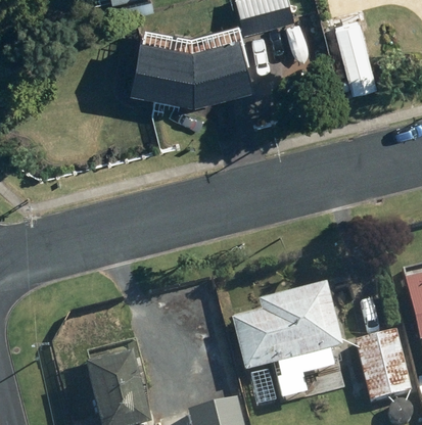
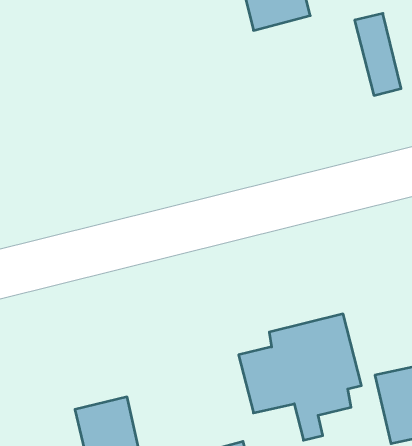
building: [133,33,254,102] -> none

